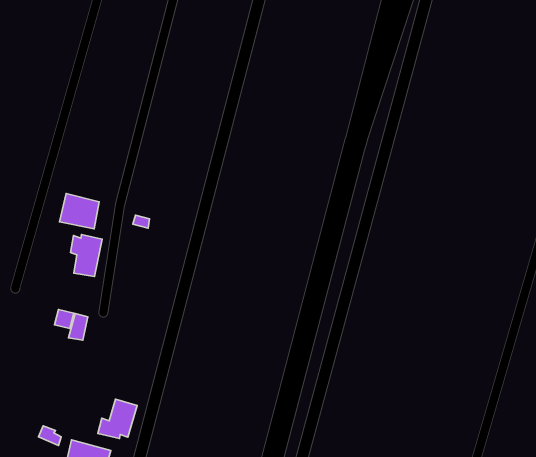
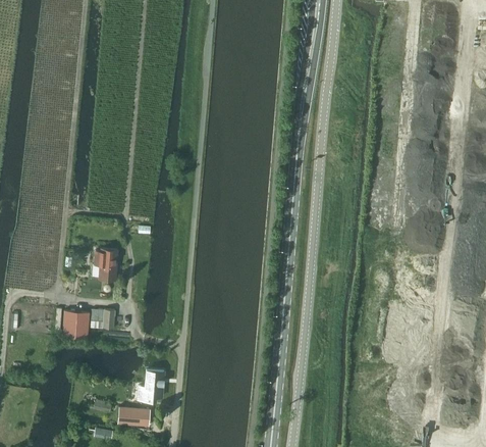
building: [60,194,99,229] -> none
building: none -> [63,310,89,337]

